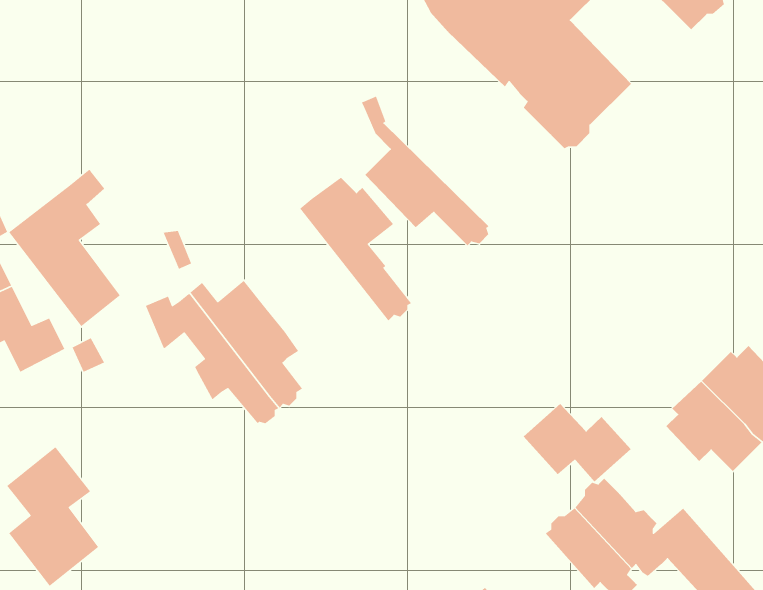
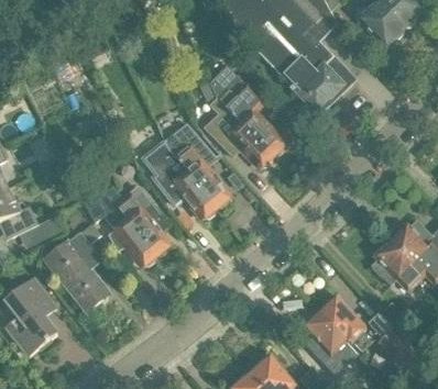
building: none -> [210,65,284,154]
building: [8,169,121,327] -> [46,221,109,309]
building: none -> [151,143,217,216]
building: [523,403,632,482] -> none

